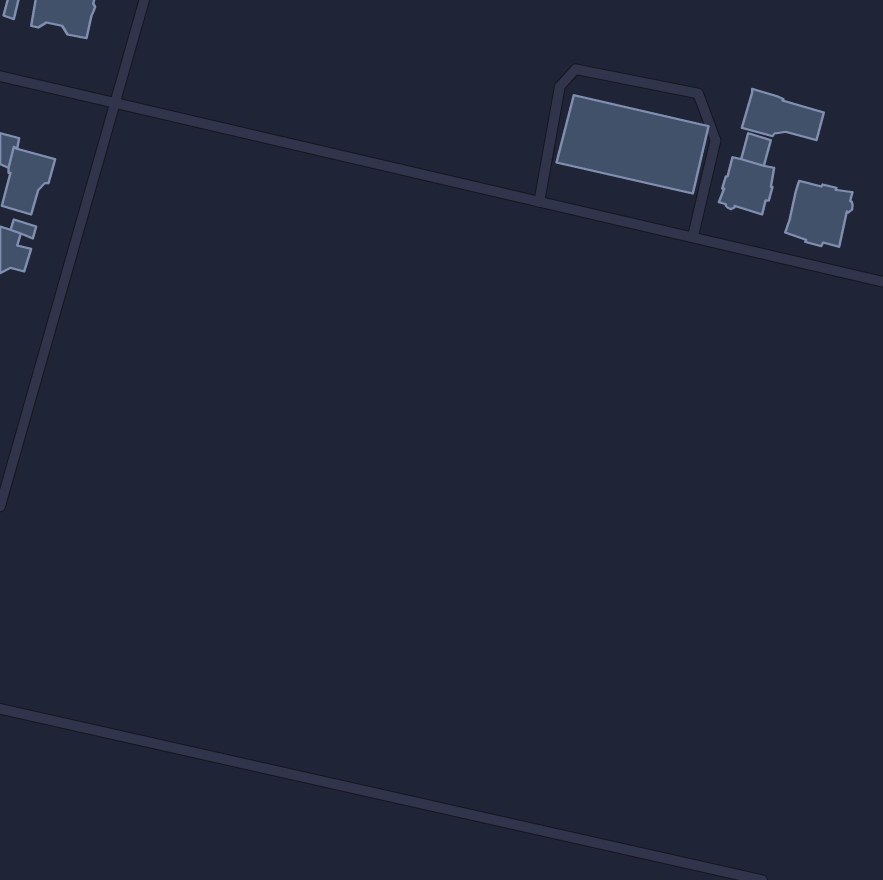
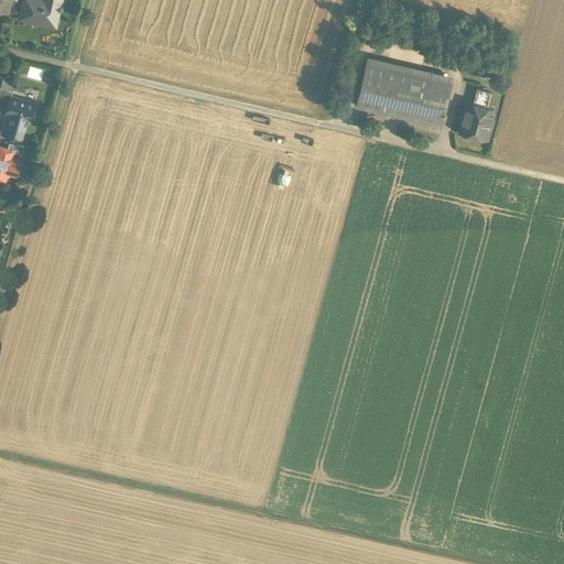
building: [742,89,824,140] -> none
building: [785,181,853,247] -> none

